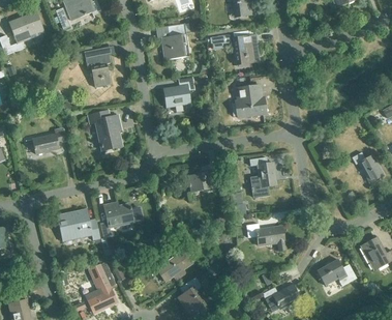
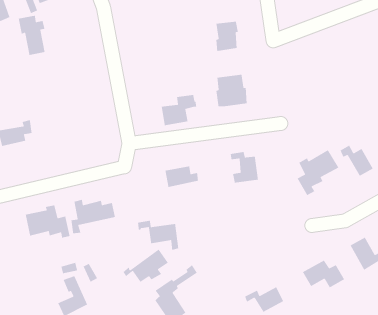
building: [161,23,189,59] -> none
building: [84,49,110,87] -> [18,15,45,56]
building: [163,77,198,107] -> [161,94,197,126]
building: [87,109,121,150] -> none
building: none -> [297,149,339,196]
building: [245,223,284,252] -> [137,220,179,251]

